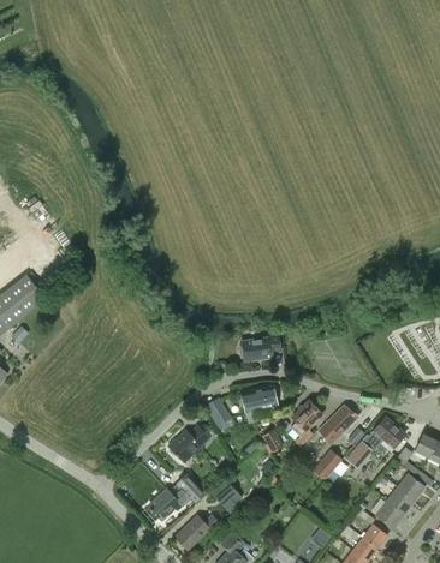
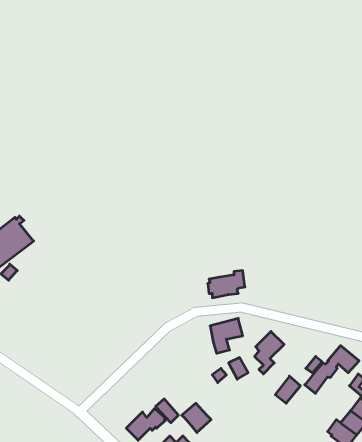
building: [204,396,234,432] -> none
building: [317,406,357,444] -> none
building: [168,425,210,460] -> none

